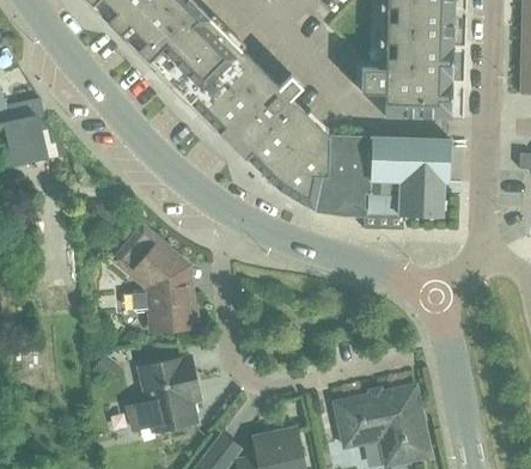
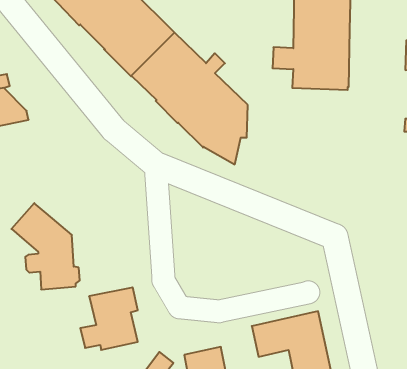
building: [315,135,450,230] -> none
building: [116,229,199,333] -> [11,203,80,289]

